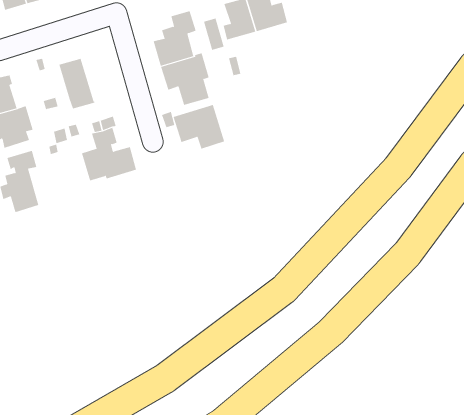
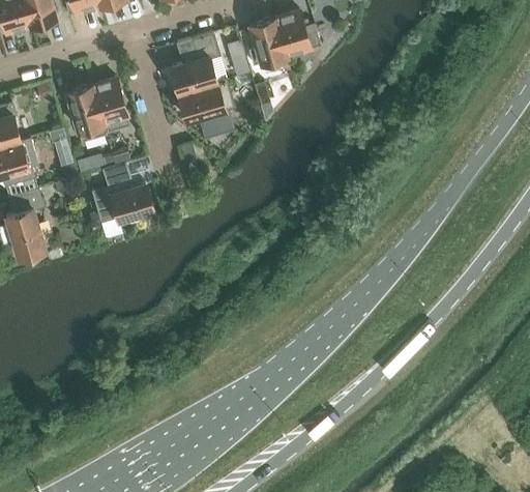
building: none -> [91,78,130,133]
building: [173,104,225,150] -> none

